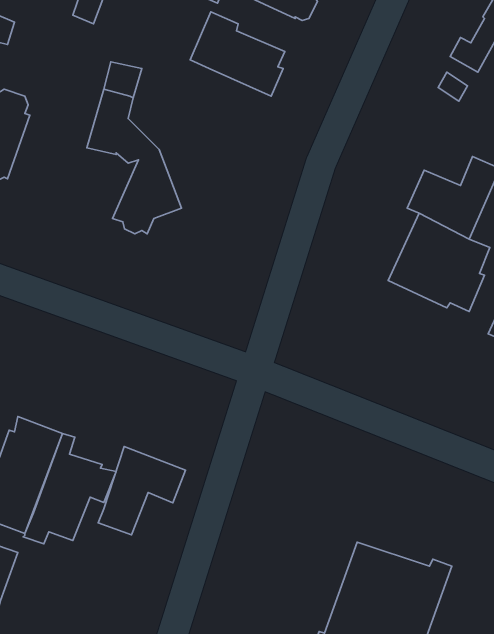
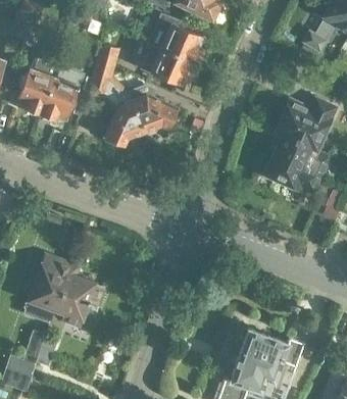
building: none -> [149,48,196,87]
building: none -> [40,72,81,120]
building: none -> [129,85,178,131]
building: [98,447,185,535] -> none

